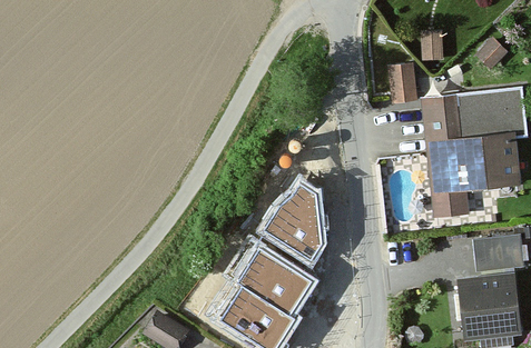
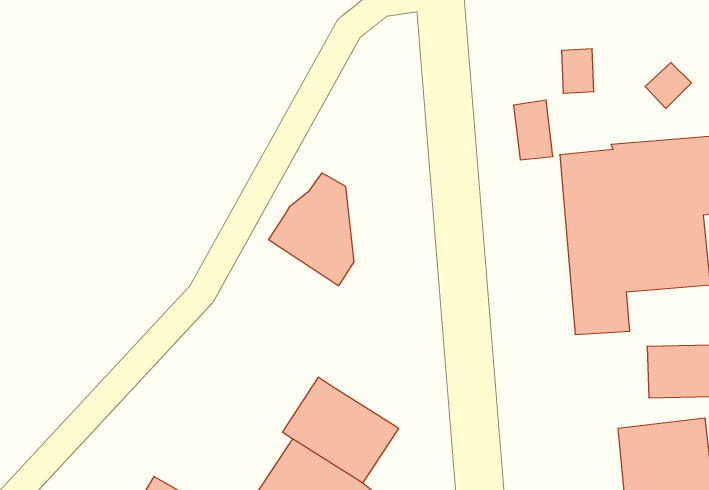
building: [268,185,324,258] -> [269,173,354,286]

